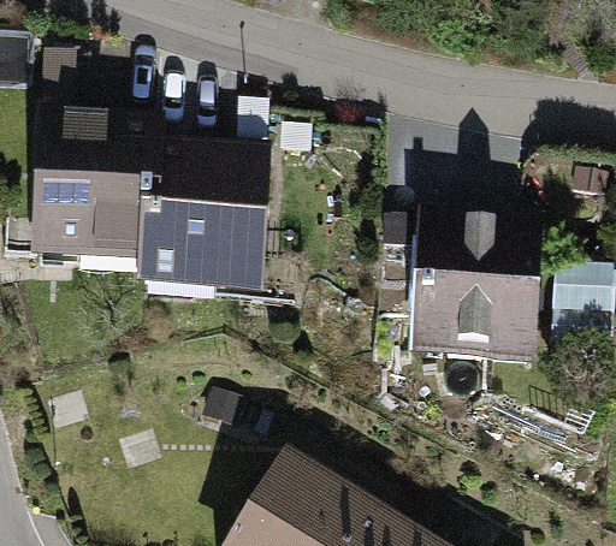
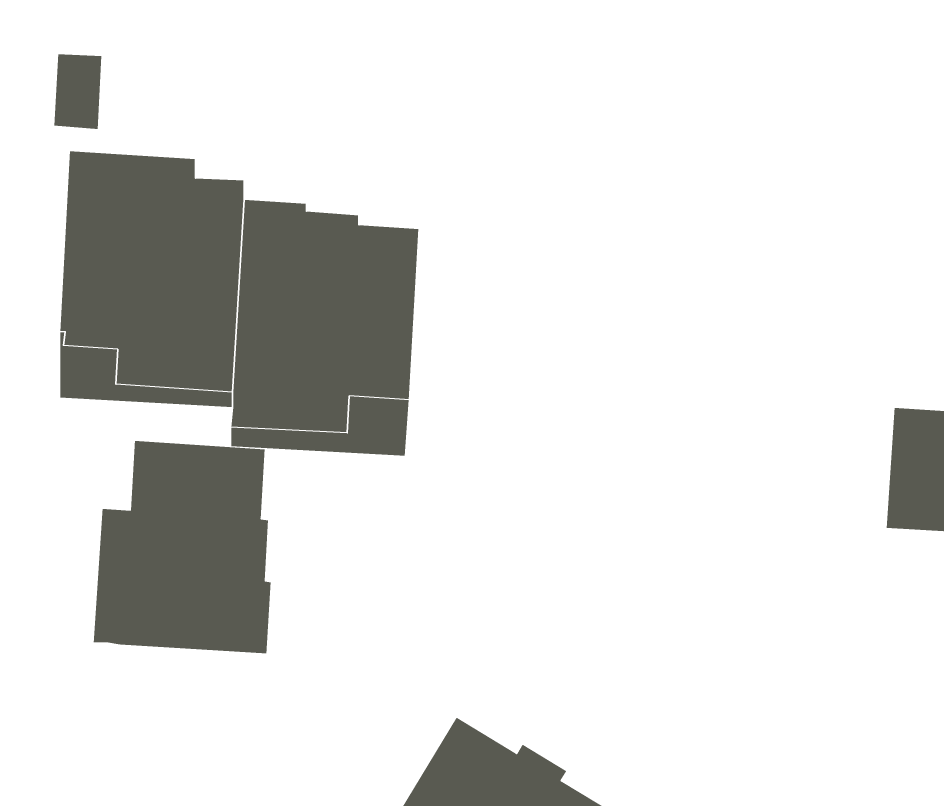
building: [419,210,533,360] -> none
building: none -> [93,440,271,654]

